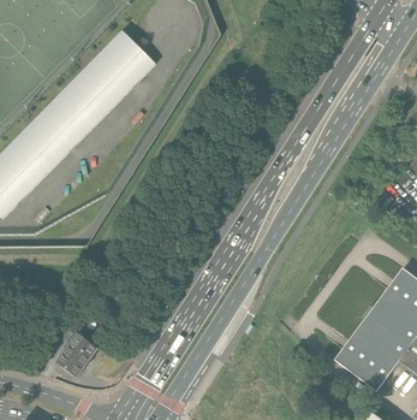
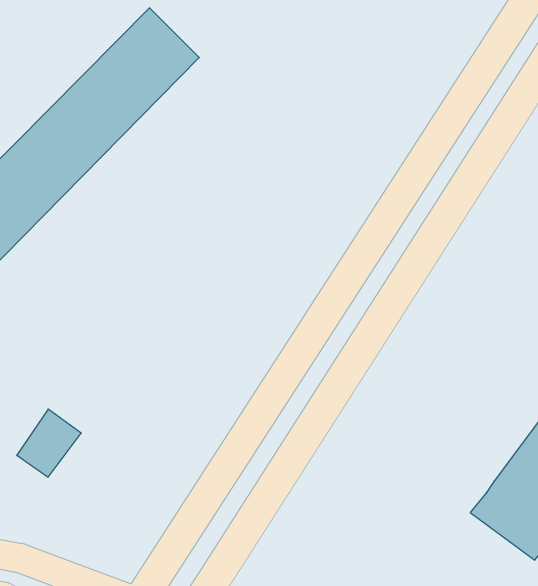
building: [56,332,99,377] -> [17,409,81,477]

